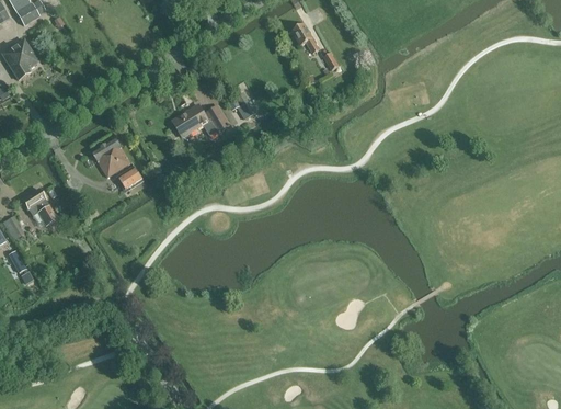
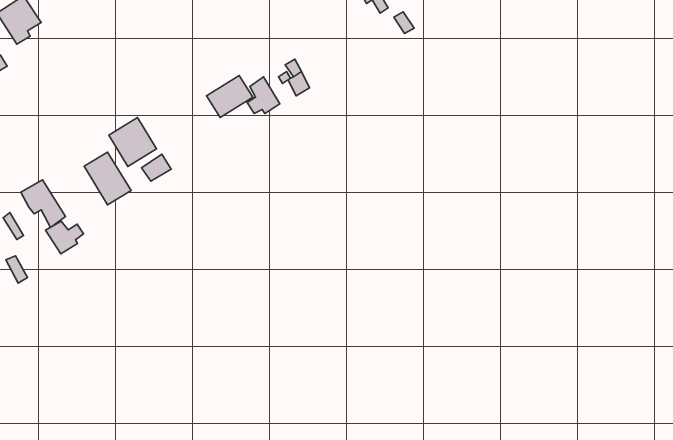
building: none -> [84,152,131,205]
building: none -> [45,221,83,254]

